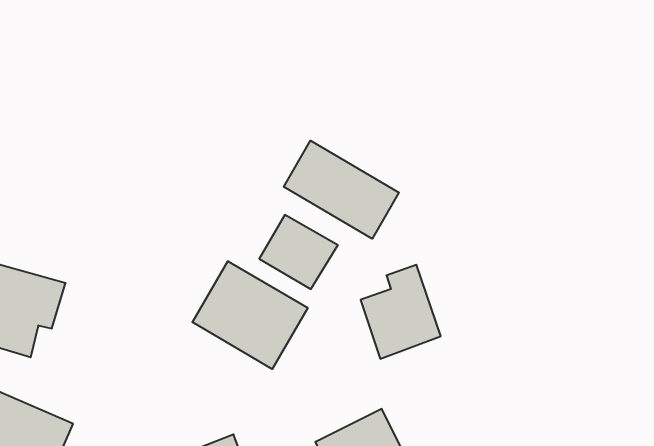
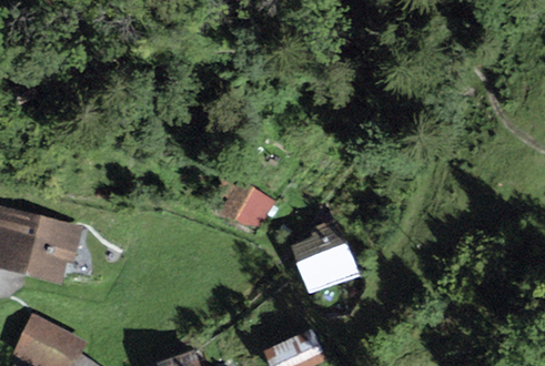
building: [284,141,399,239] -> none
building: [192,261,308,369] -> none

